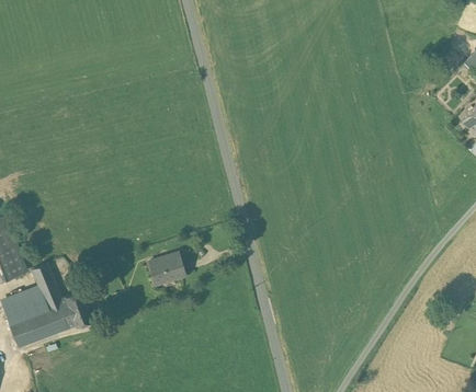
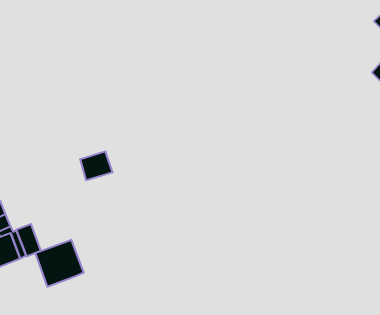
building: [149,252,185,284] -> [80,152,113,180]
building: none -> [35,240,84,287]

